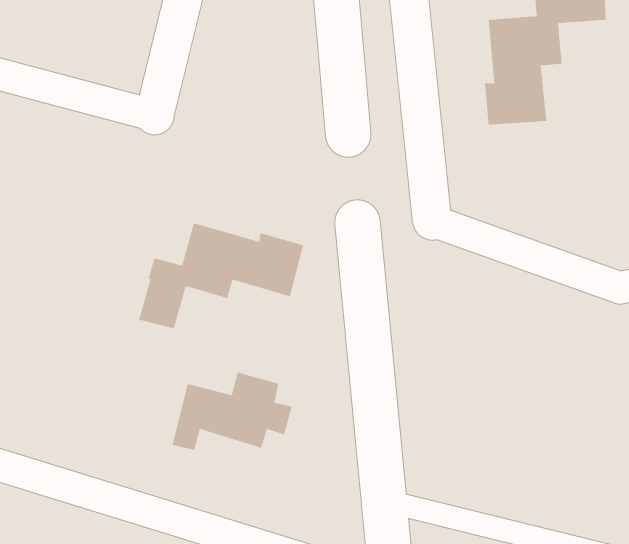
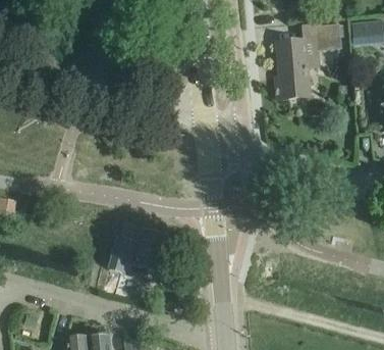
building: [138,223,304,329] -> none

